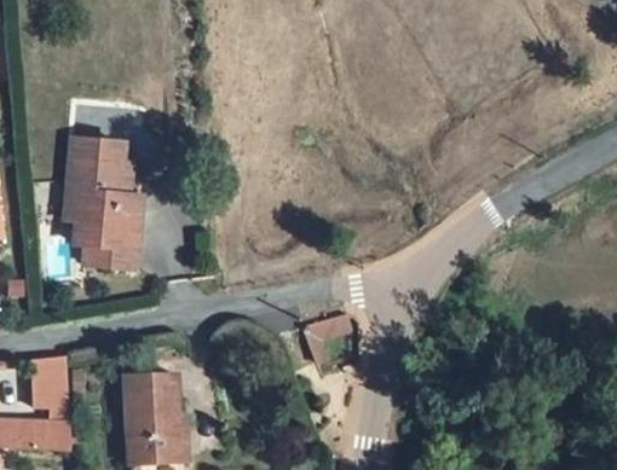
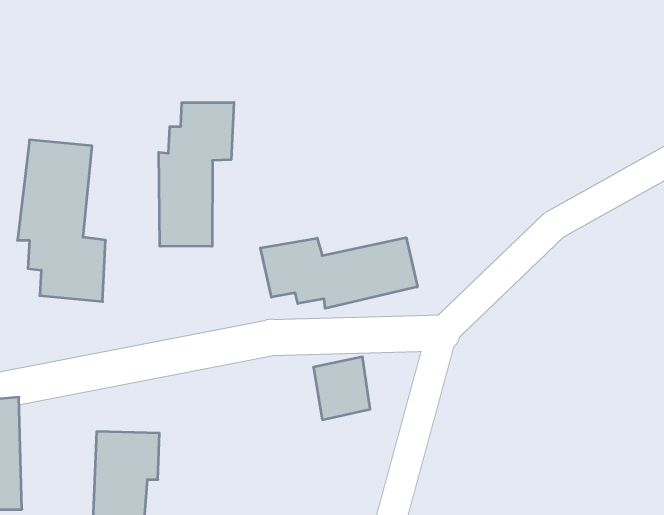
building: none -> [159,102,234,246]
building: none -> [260,238,417,308]

